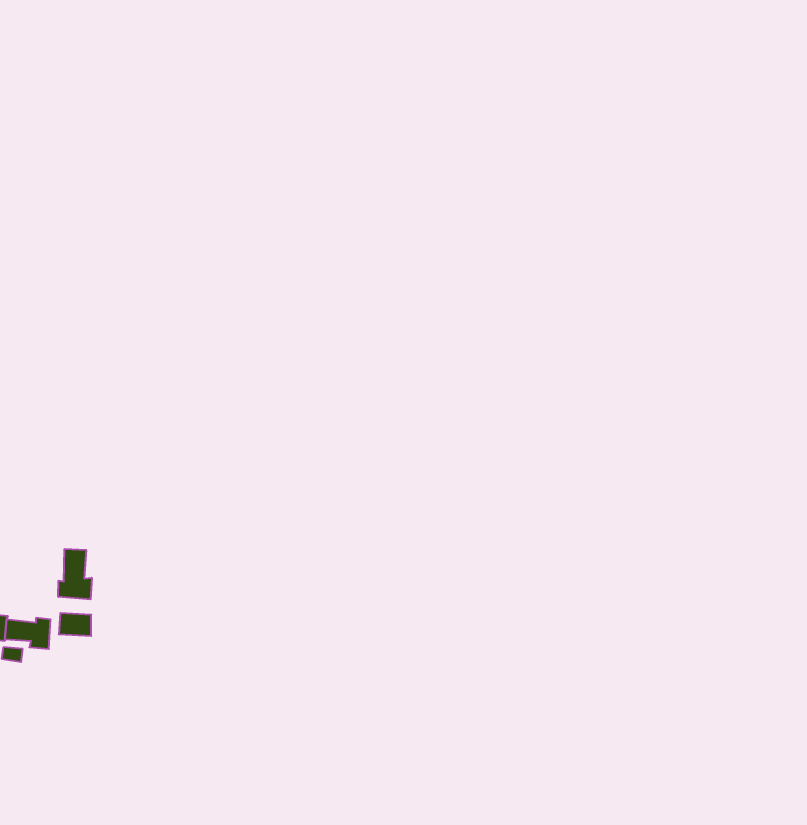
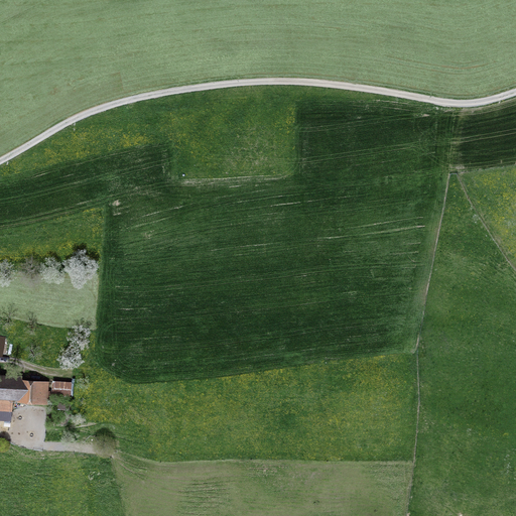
building: [58,549,92,599] -> none

